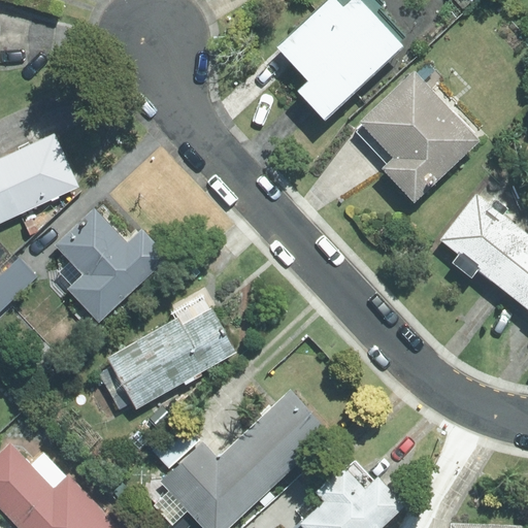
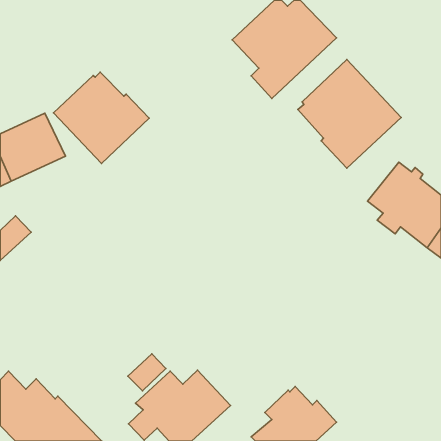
building: none -> [54,72,149,163]
building: [47,207,169,322] -> none
building: [109,294,237,407] -> none
building: [236,391,330,485] -> none

